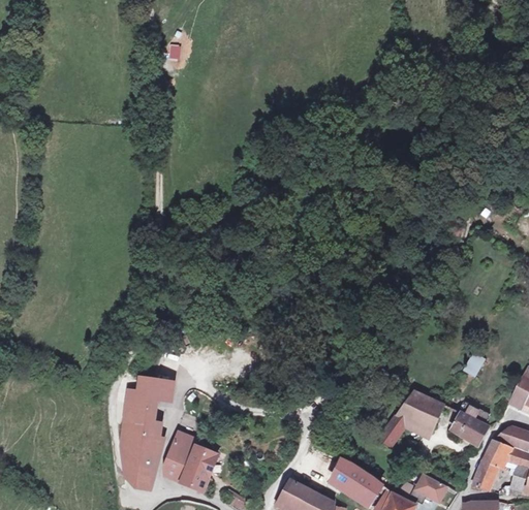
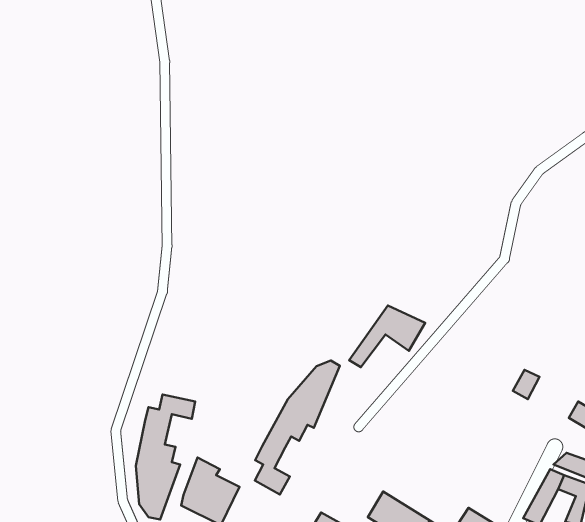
building: none -> [255,361,340,495]
building: [379,390,446,445] -> [349,305,425,367]
building: [447,404,486,447] -> none

